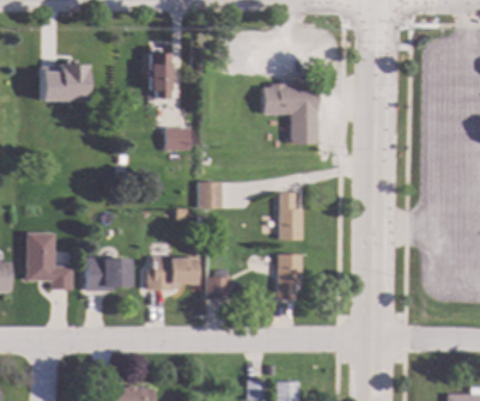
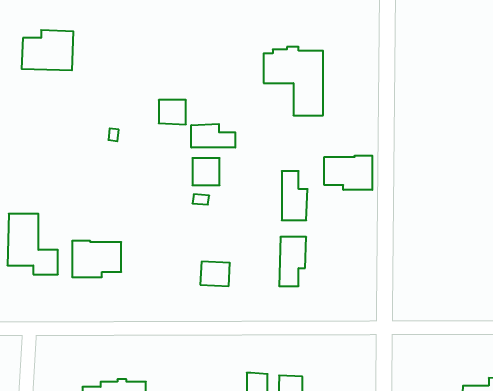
building: [151,54,172,98] -> none
building: none -> [191,124,235,148]
building: none -> [324,156,372,190]
building: [147,257,198,291] -> none

